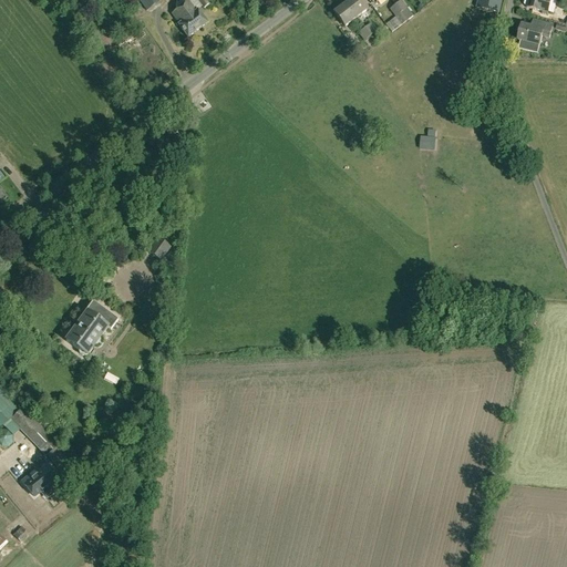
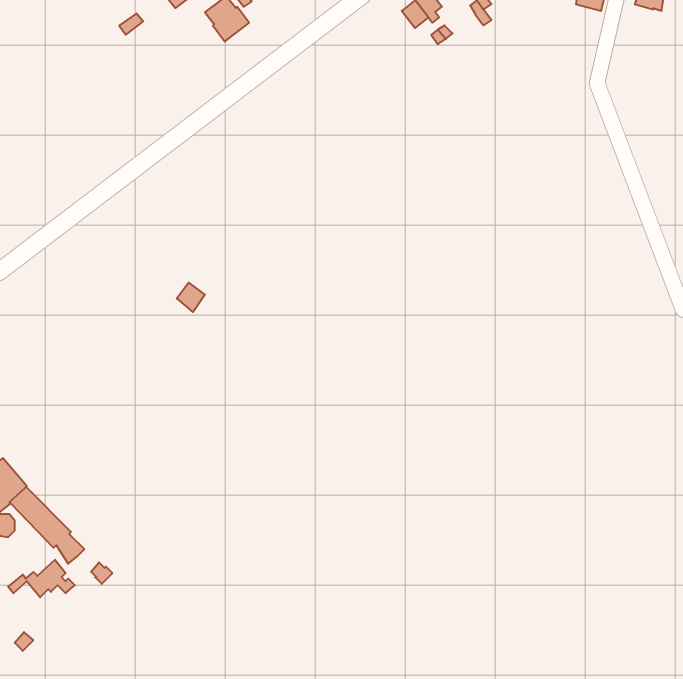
building: [517,17,553,50] -> none
building: [64,298,116,352] -> none

